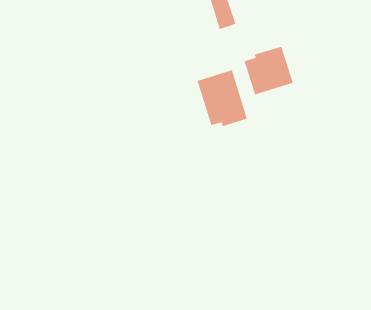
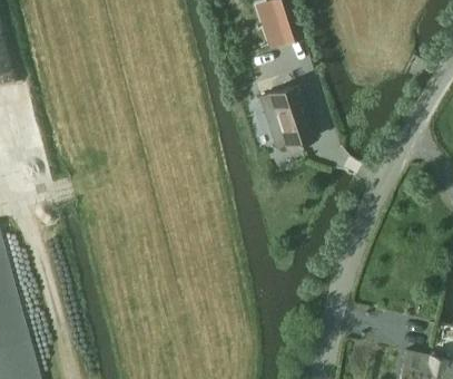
building: [244,46,294,95] -> none

